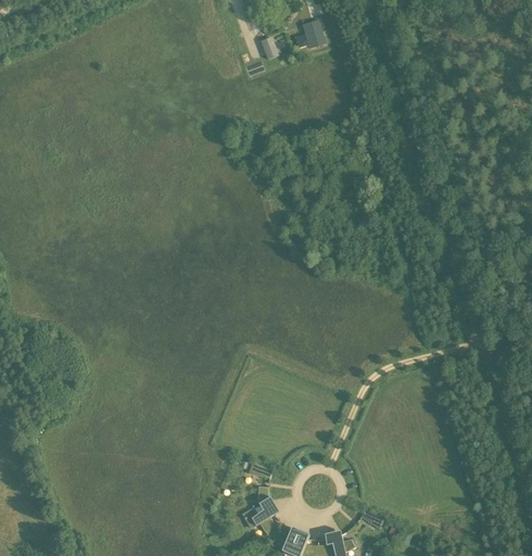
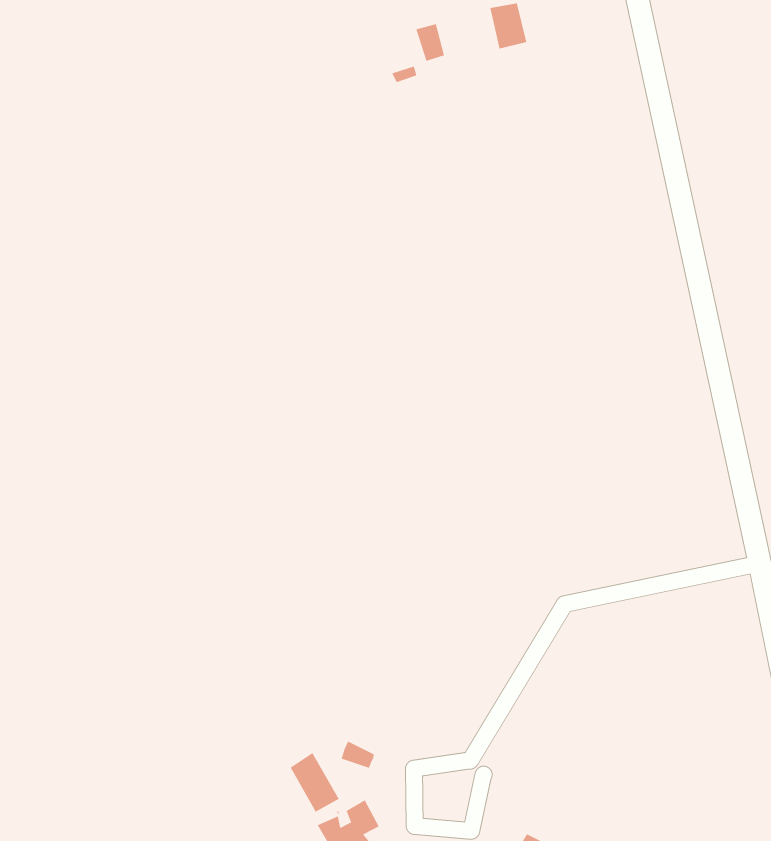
building: none -> [290,752,340,813]

